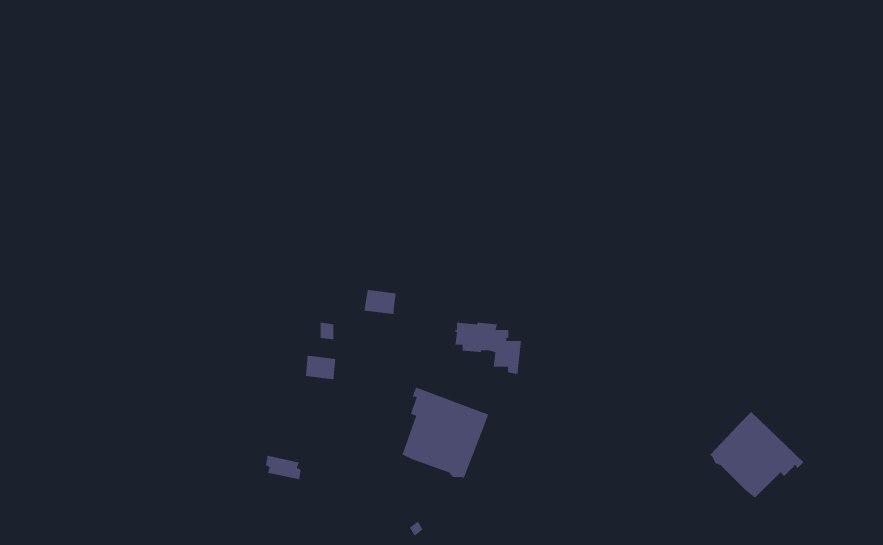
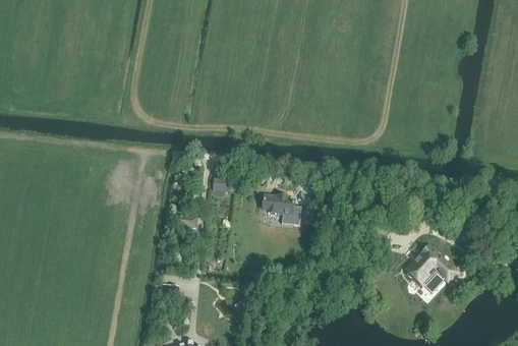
building: [401,387,489,479] -> none

